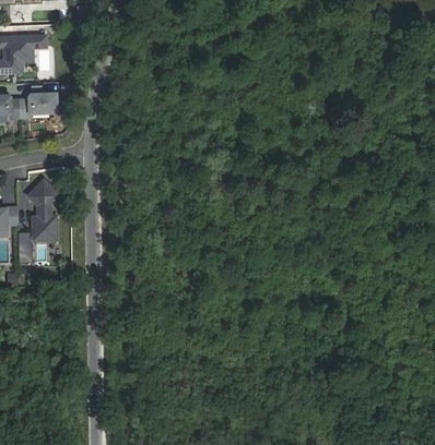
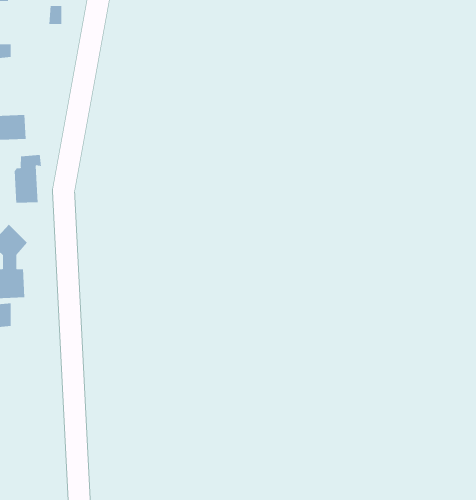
building: none -> [14,154,41,203]

